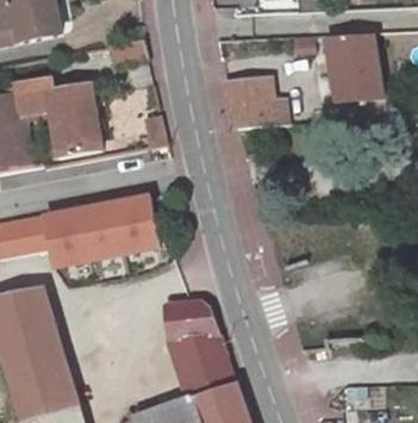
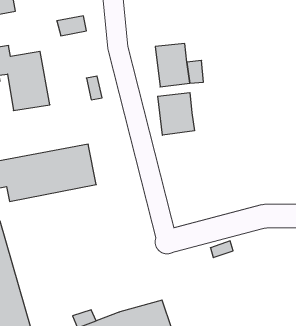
building: [326,33,376,97] -> none
building: none -> [158,93,194,135]
building: [167,300,238,398] -> none

